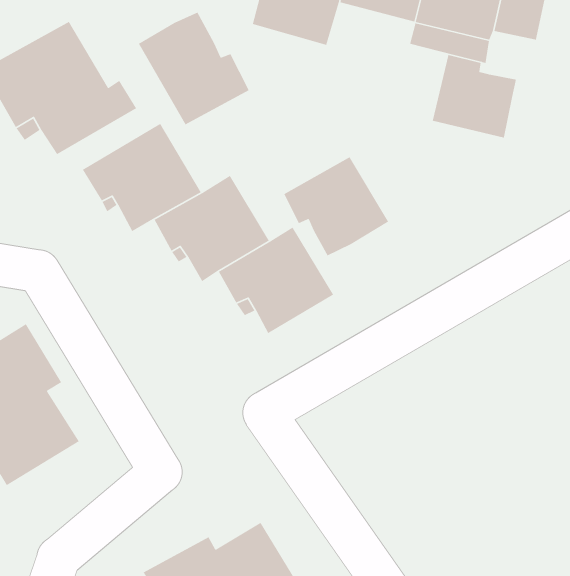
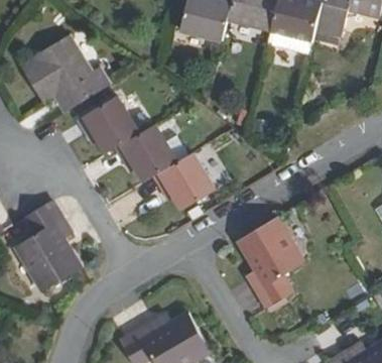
building: [138,12,250,125] -> none
building: [432,54,517,138] -> none
building: [283,156,389,257] -> none
building: none -> [237,219,302,309]

